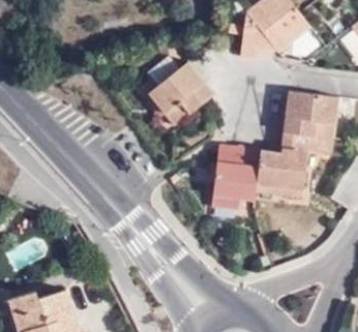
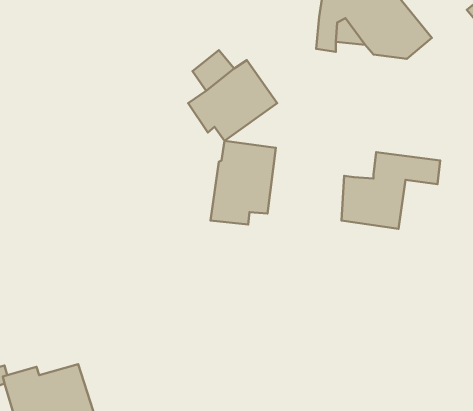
building: [286,91,338,139] -> none
building: [212,145,261,207] -> [210,141,276,225]

